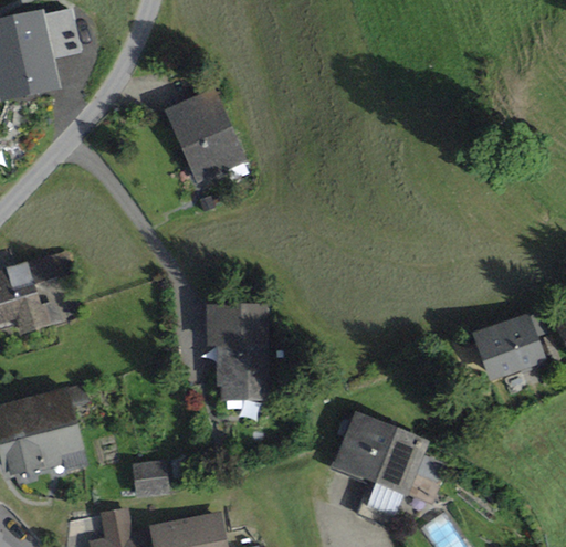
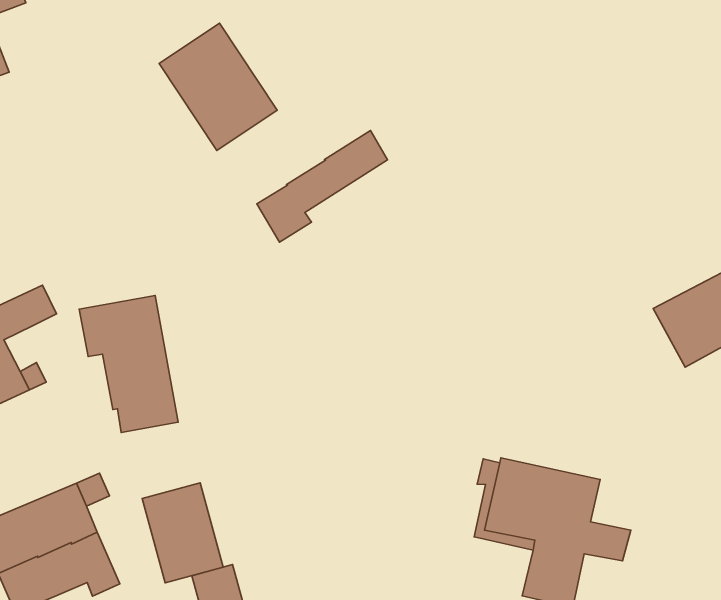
building: none -> [257,130,387,242]
building: [208,307,263,397] -> [79,296,178,433]
building: none -> [142,483,223,583]

